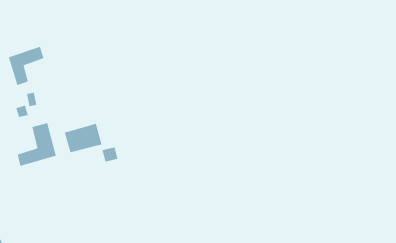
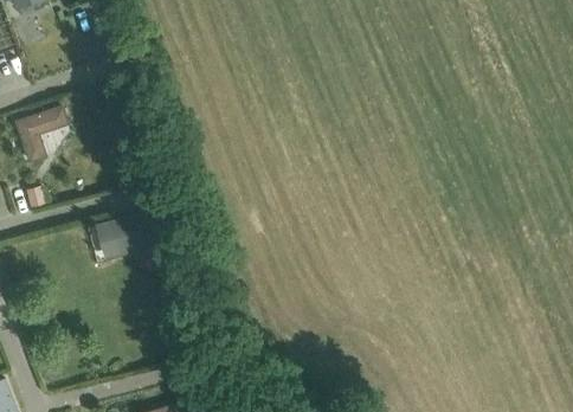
building: [17,122,57,167] -> none

